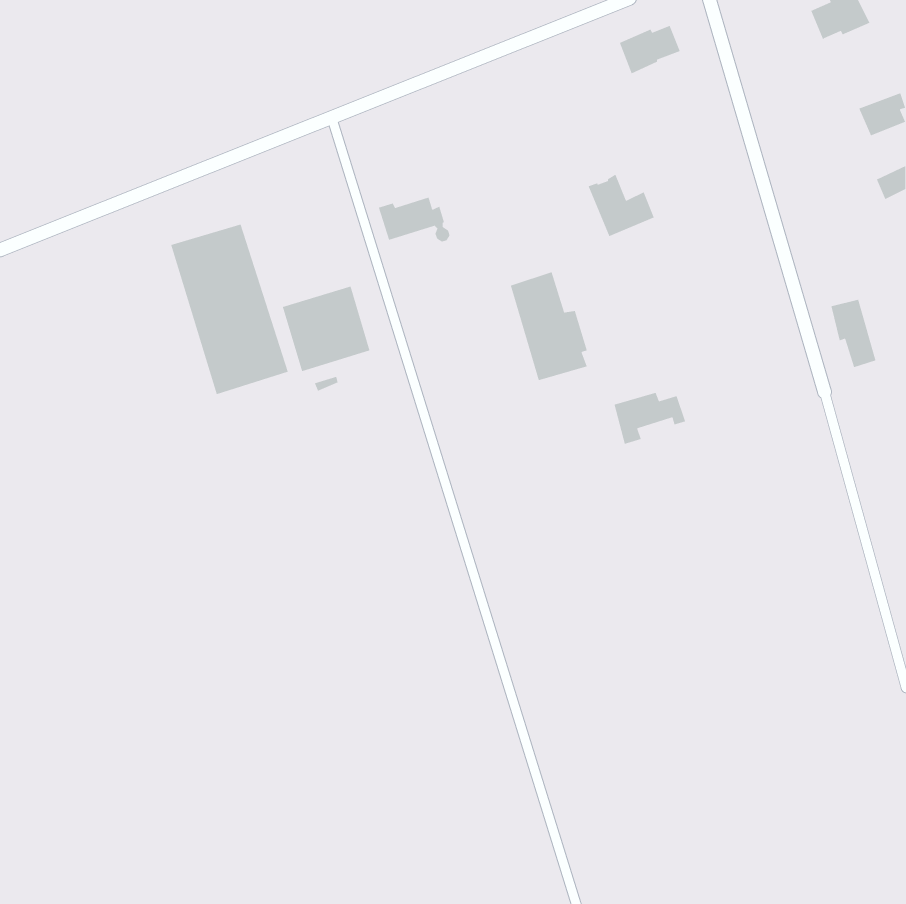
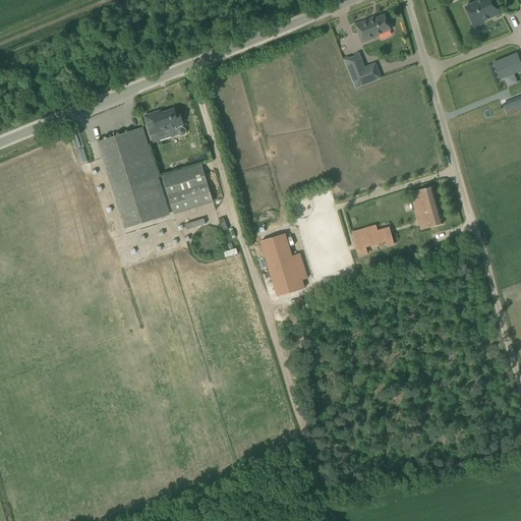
building: [588,173,655,237] -> [343,51,382,88]
building: [378,196,451,243] -> [144,109,186,135]
building: [510,271,588,381] -> [259,233,304,296]
building: [830,299,876,368] -> [416,186,443,226]

